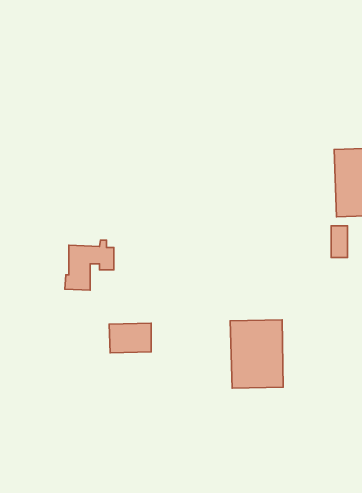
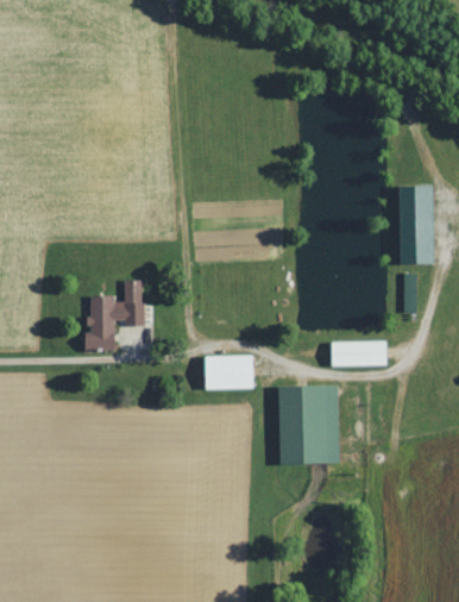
building: none -> [331,341,386,365]
building: [109,323,151,353] -> [205,355,253,389]

